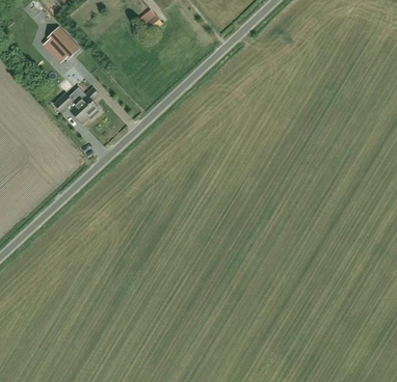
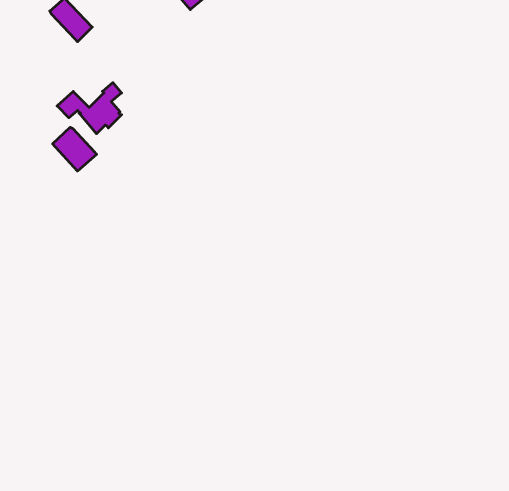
building: none -> [53,127,97,171]

